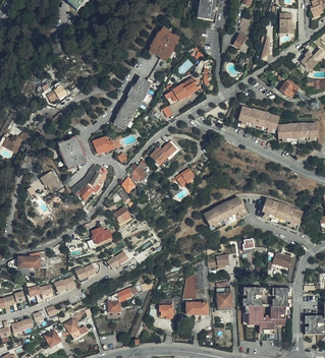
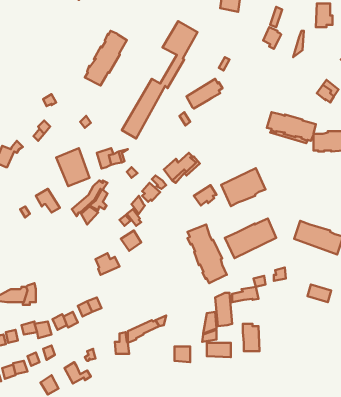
building: none -> [85,31,127,86]
building: none -> [221,168,266,206]
building: none -> [187,225,227,283]
building: [242,287,291,333] -> none

